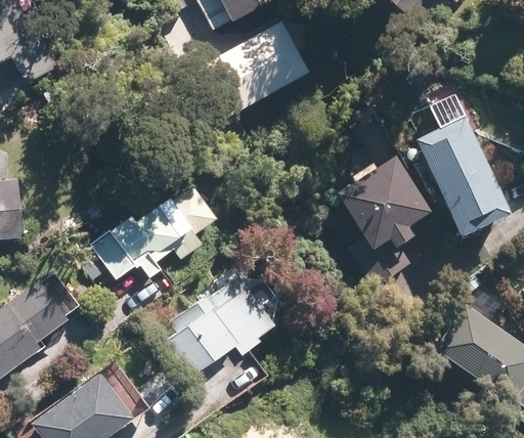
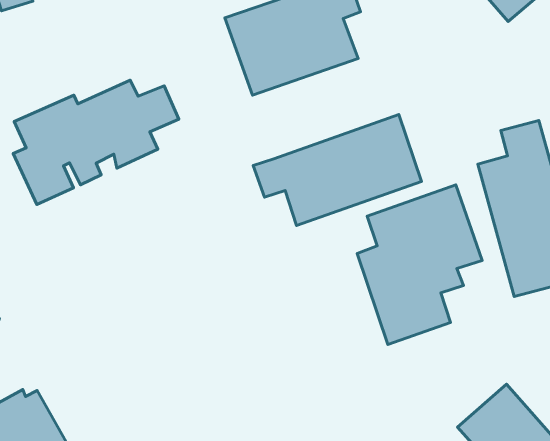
building: none -> [253,115,422,226]
building: [92,192,217,299] -> [13,80,179,205]
building: [160,259,287,378] -> none

